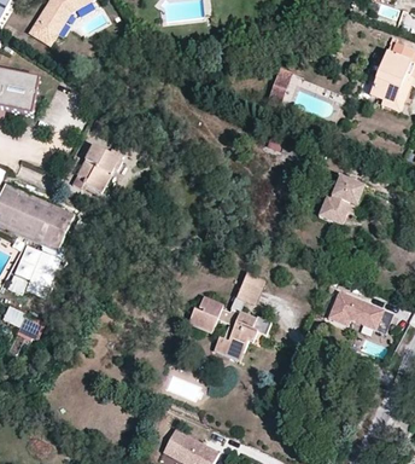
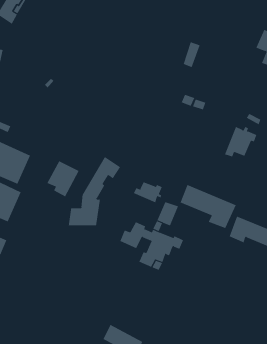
building: [77,146,119,193] -> [47,160,80,197]
building: none -> [68,156,121,226]
building: none -> [133,181,163,203]
building: none -> [180,184,237,229]

